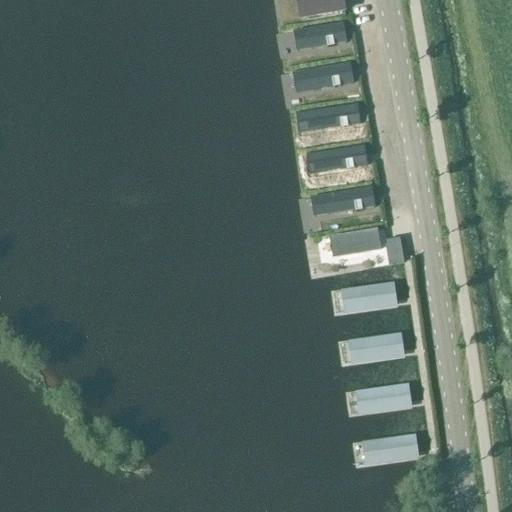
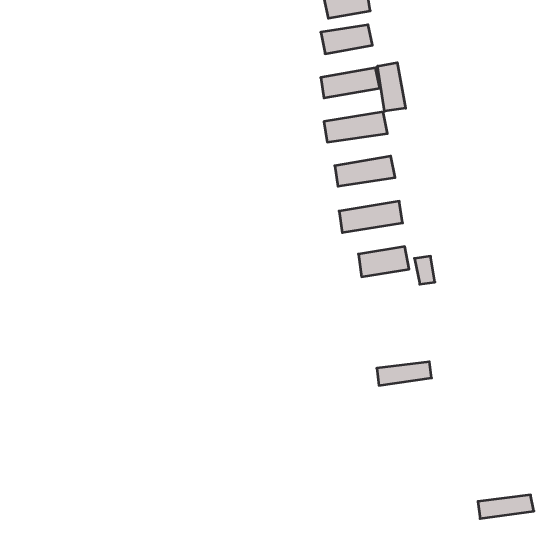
building: none -> [378,63,406,111]
building: [342,285,394,307] -> none
building: [356,386,408,409] -> none
building: [364,437,416,459] -> [478,495,534,519]

